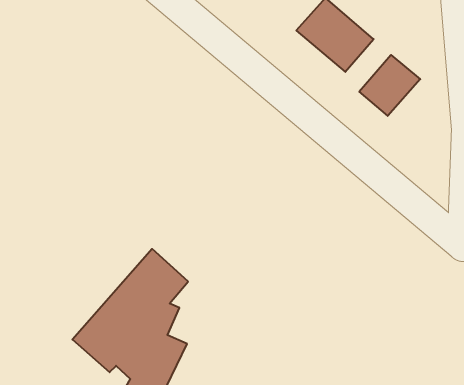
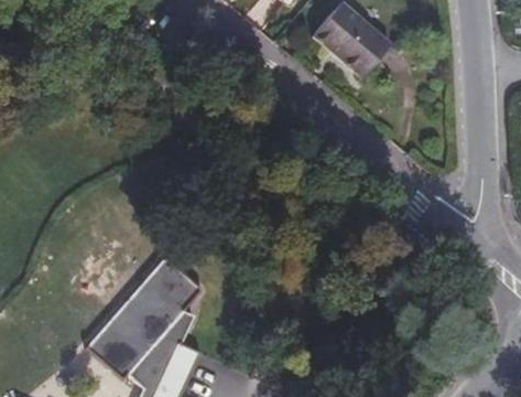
building: [359,55,420,116] -> none

